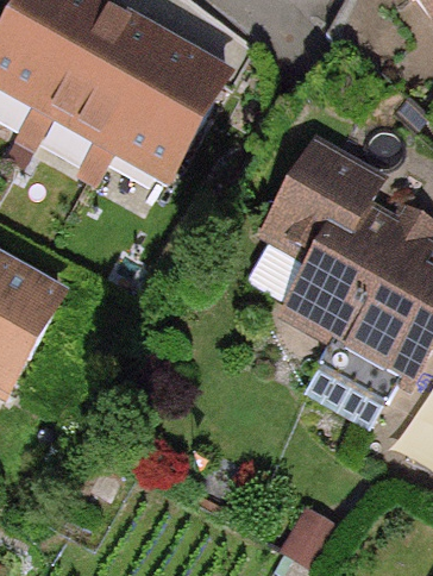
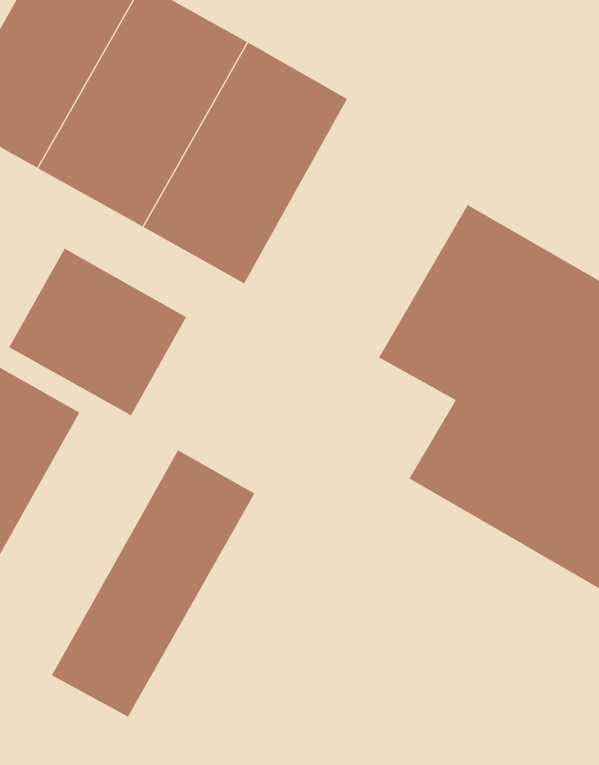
building: none -> [9,248,187,416]
building: none -> [51,450,255,718]

